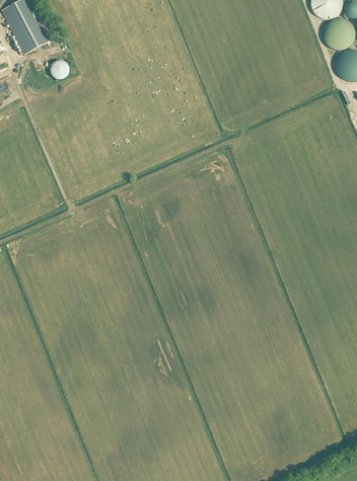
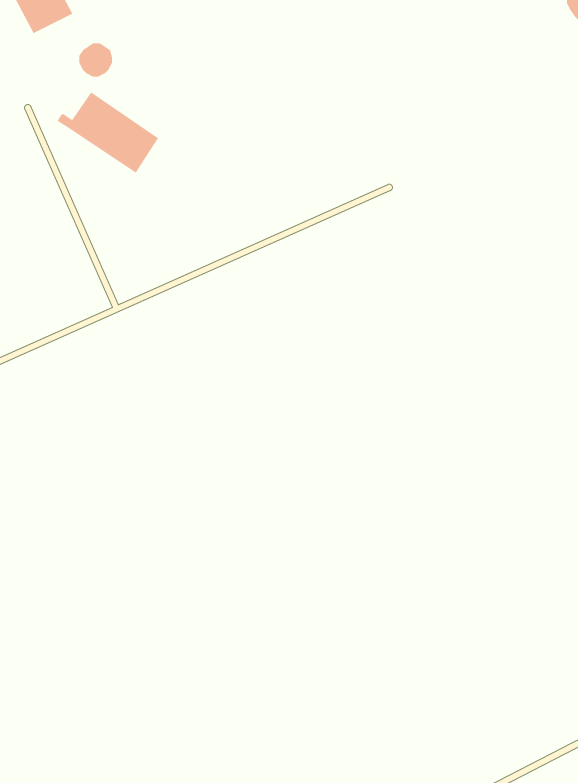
building: none -> [57,91,159,174]

